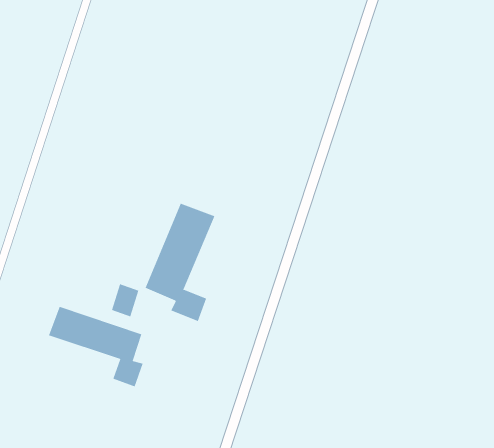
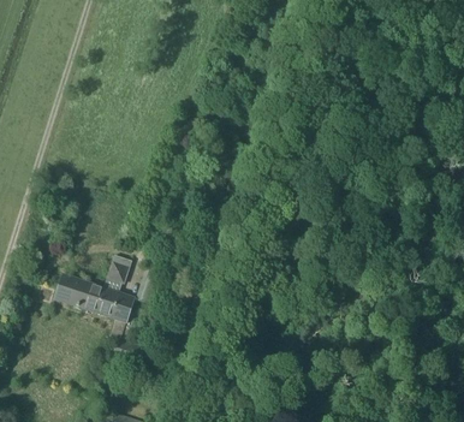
building: [145,203,215,322] -> none

